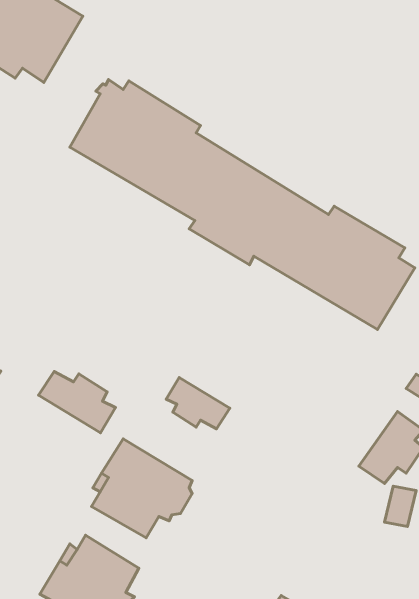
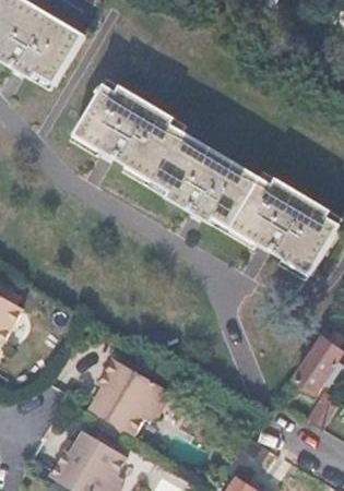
building: [39,371,115,433] -> none
building: [166,378,230,429] -> none

